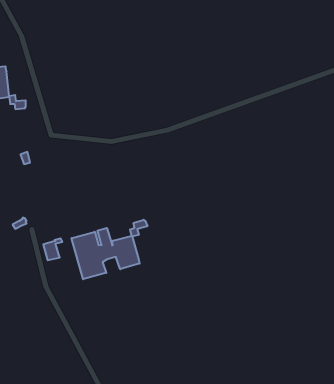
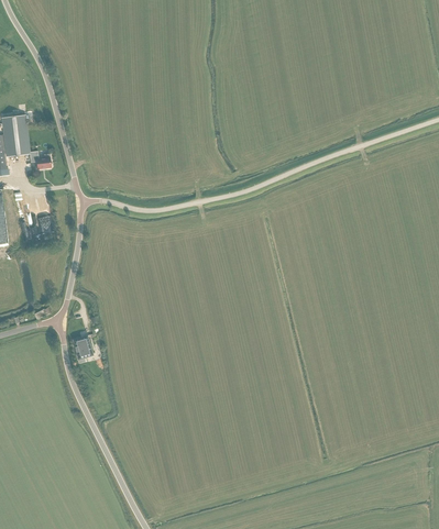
building: [72,220,147,279] -> none

